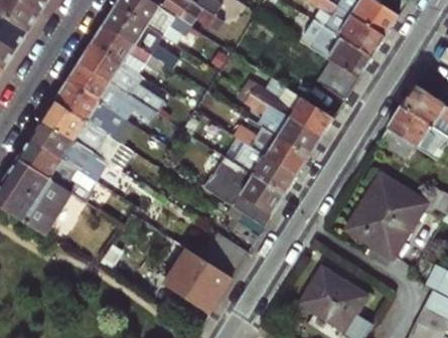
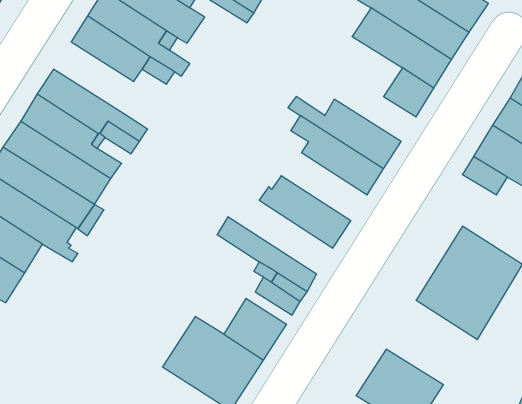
building: [78,42,137,96] -> none
building: [223,118,309,174] -> none
building: [206,152,284,213] -> none

